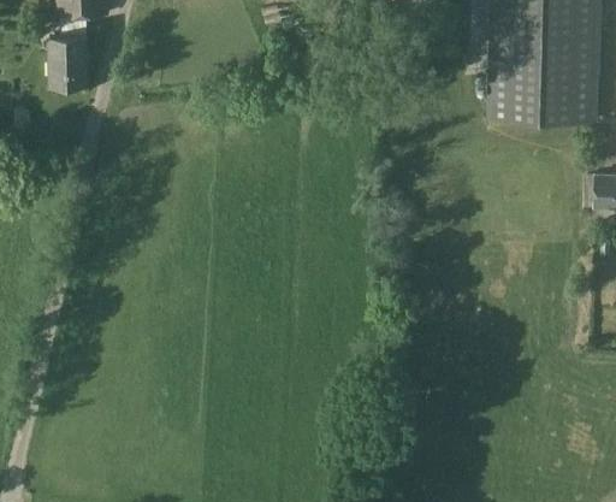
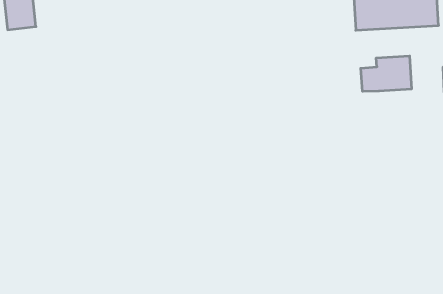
building: none -> [361,56,411,91]

